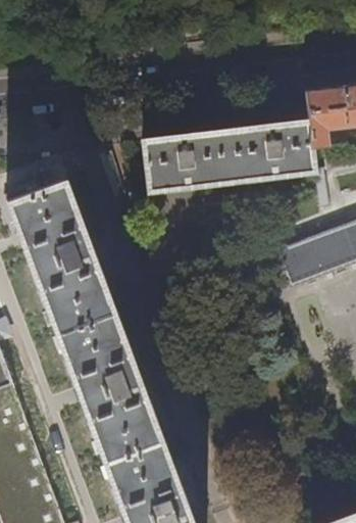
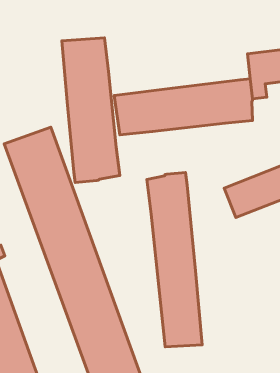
building: none -> [62,38,120,183]
building: none -> [147,173,202,347]

